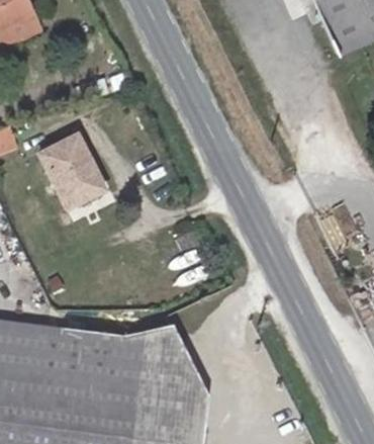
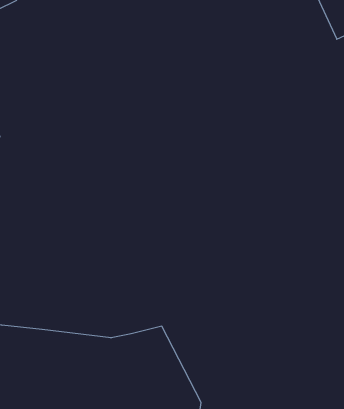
building: [43,139,104,207] -> none

